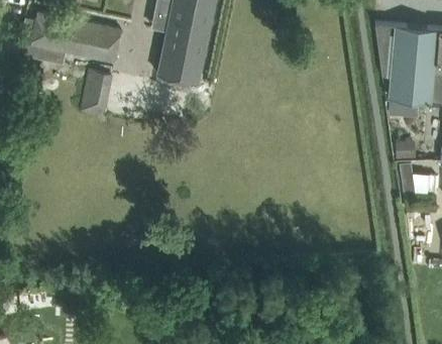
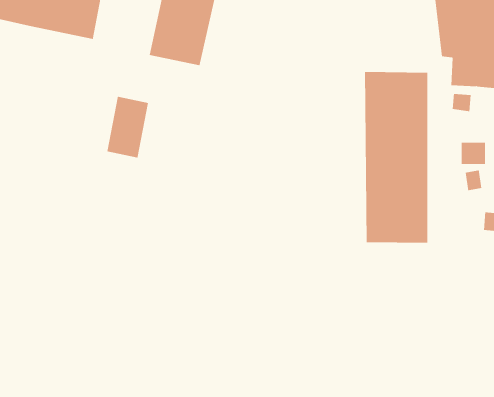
building: [83,69,115,116] -> [107,96,149,158]
building: none -> [365,71,428,244]

